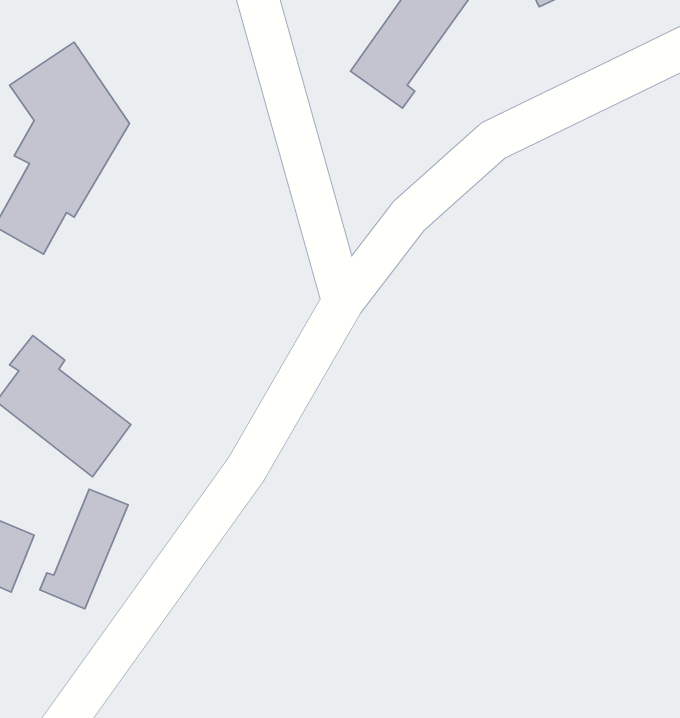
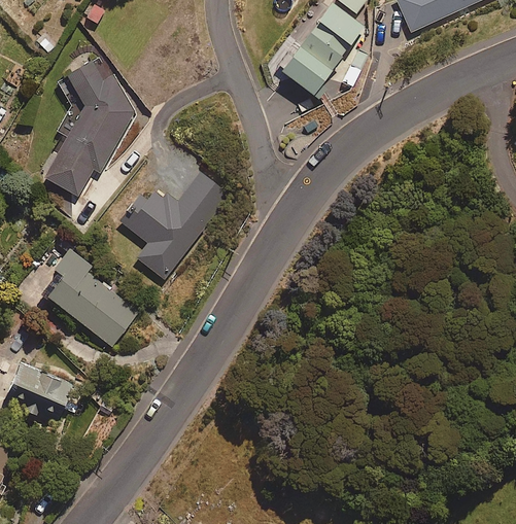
building: none -> [122,170,229,278]
building: [40,489,128,609] -> none

